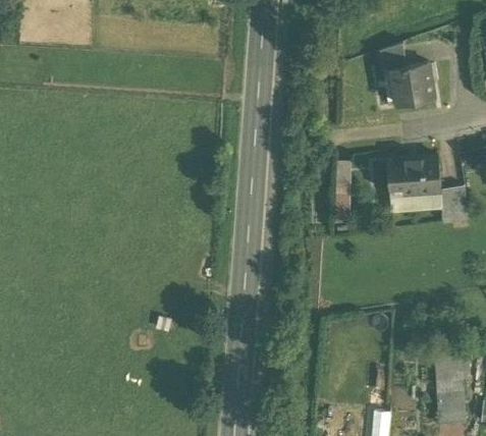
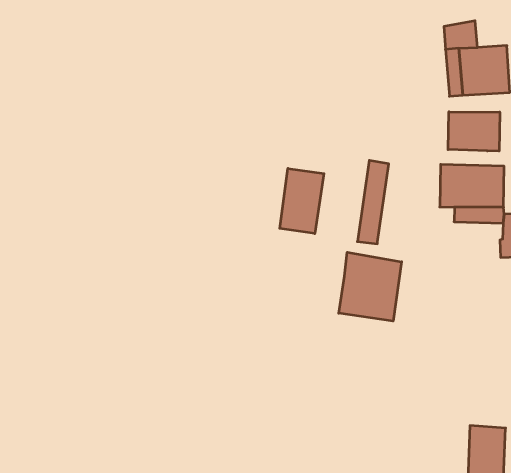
building: none -> [448,112,500,151]
building: none -> [280,168,324,234]
building: none -> [339,252,402,321]

